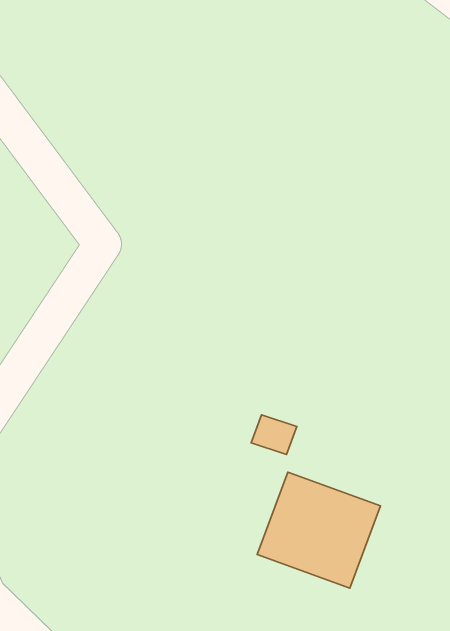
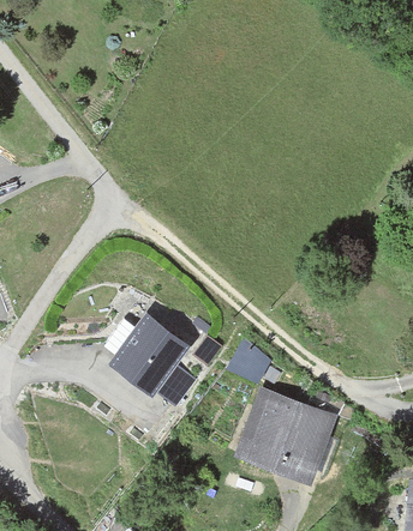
building: none -> [108,310,192,405]

